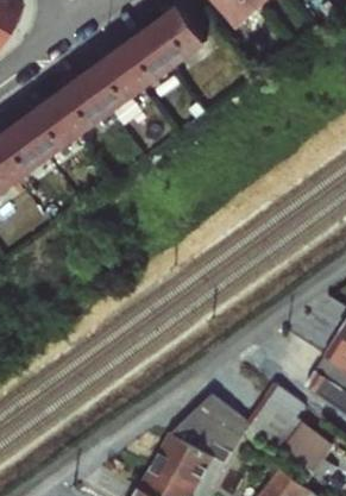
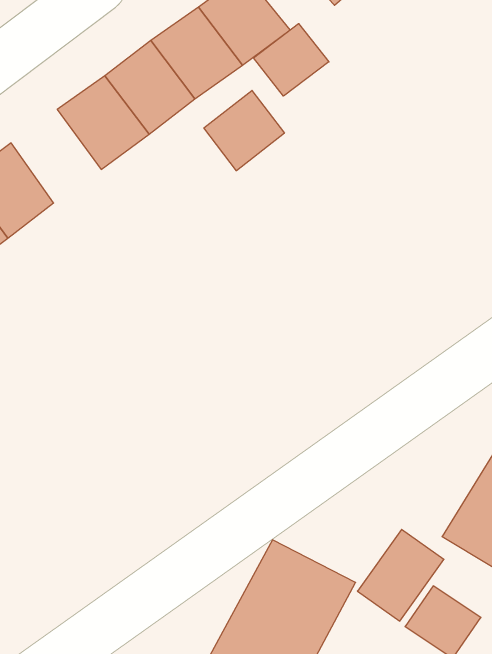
building: none -> [253,24,329,96]
building: none -> [204,90,284,171]
building: [17,99,77,162] -> none

